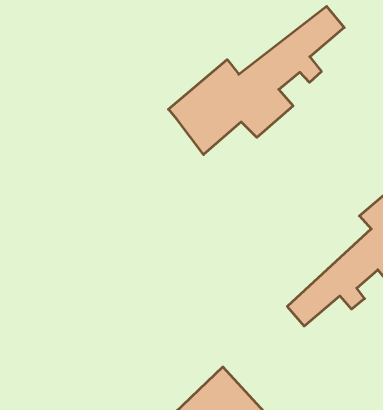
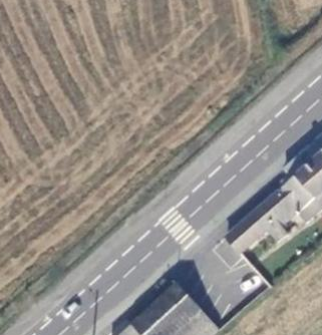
building: [168,6,344,155] -> none

